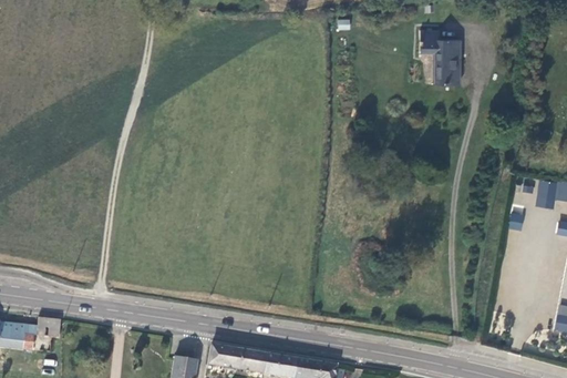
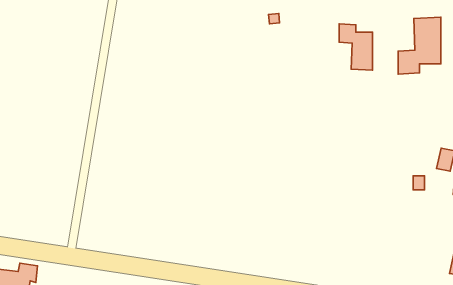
building: none -> [398,17,441,74]

